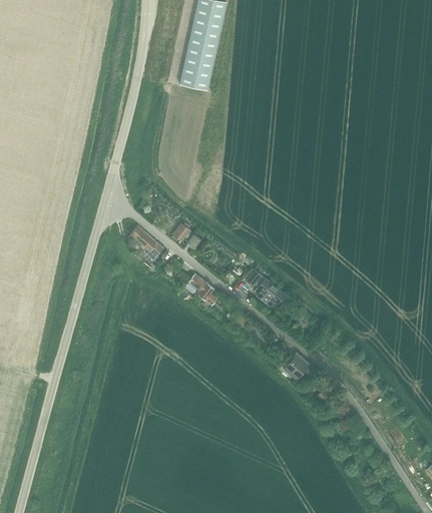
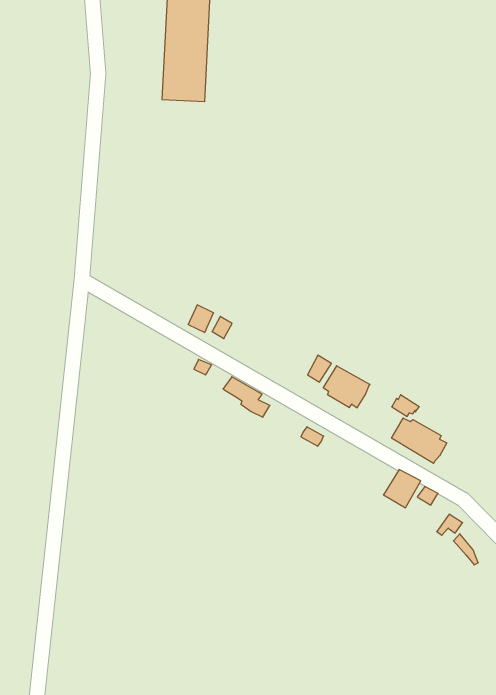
building: [130,225,162,263] -> none
building: none -> [392,418,447,463]

